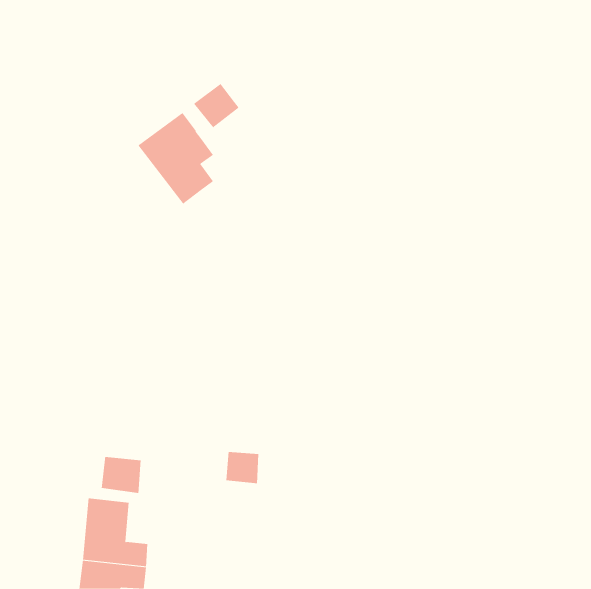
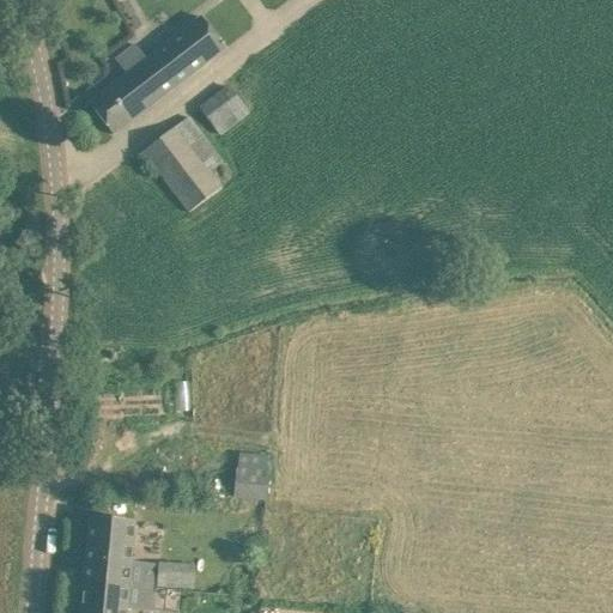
building: none -> [89,16,225,133]
building: [101,456,141,494] -> none
building: none -> [158,559,195,587]

